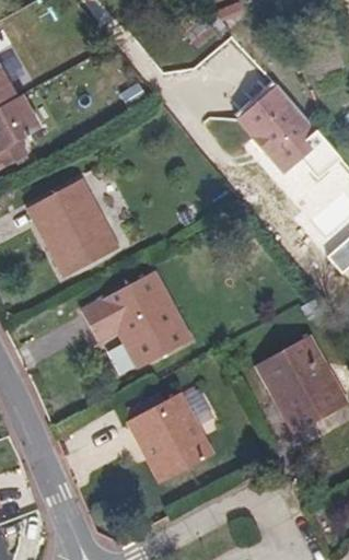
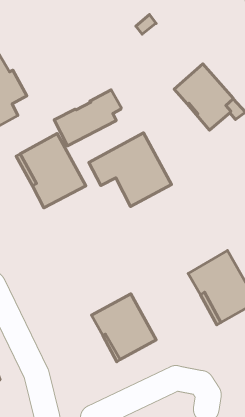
building: none -> [54,90,121,146]
building: [81,271,191,370] -> [89,133,171,207]

